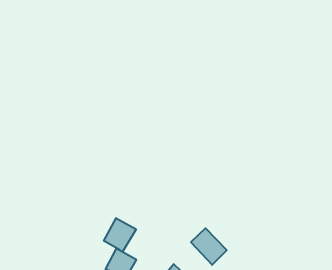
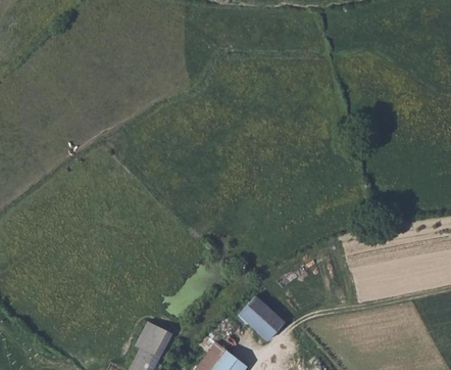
building: [104,218,136,252] -> none

